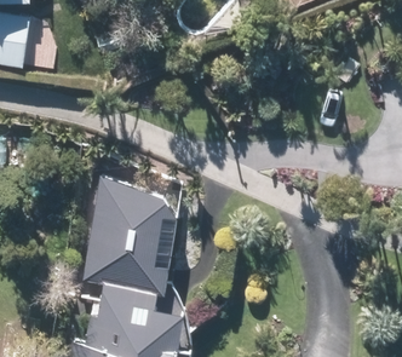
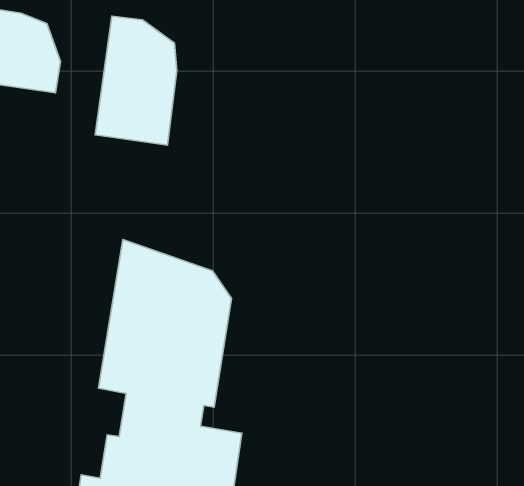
building: none -> [95,16,177,145]

